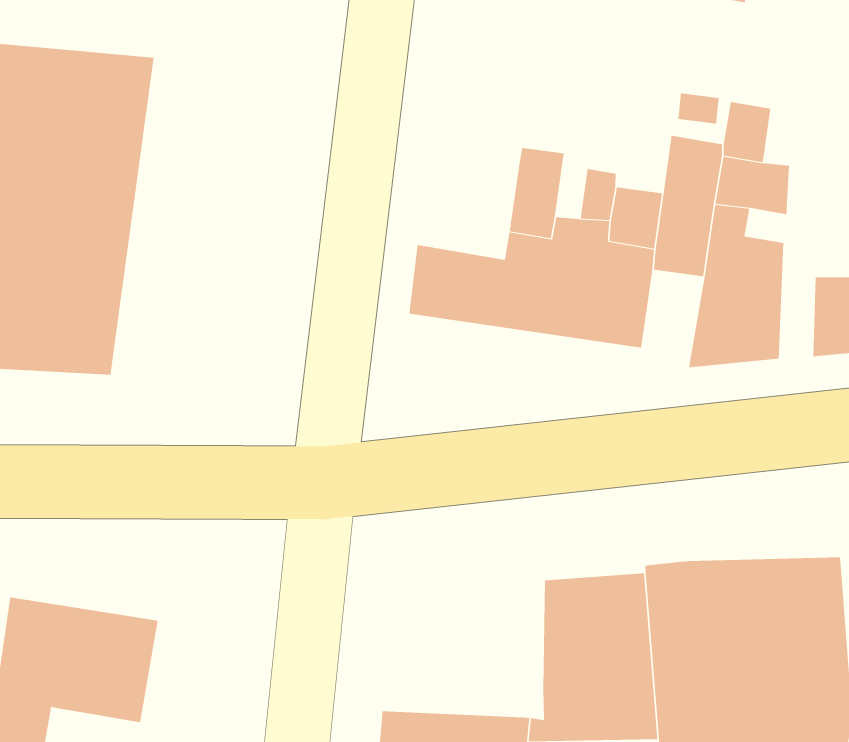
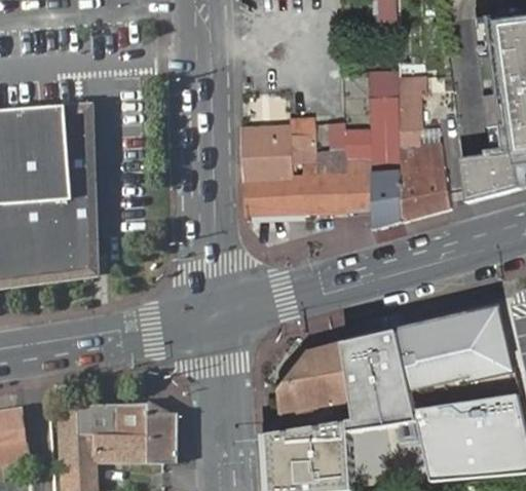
building: none -> [243,123,295,178]
building: none -> [376,168,404,227]
building: none -> [280,341,355,417]
building: none -> [143,404,175,460]

